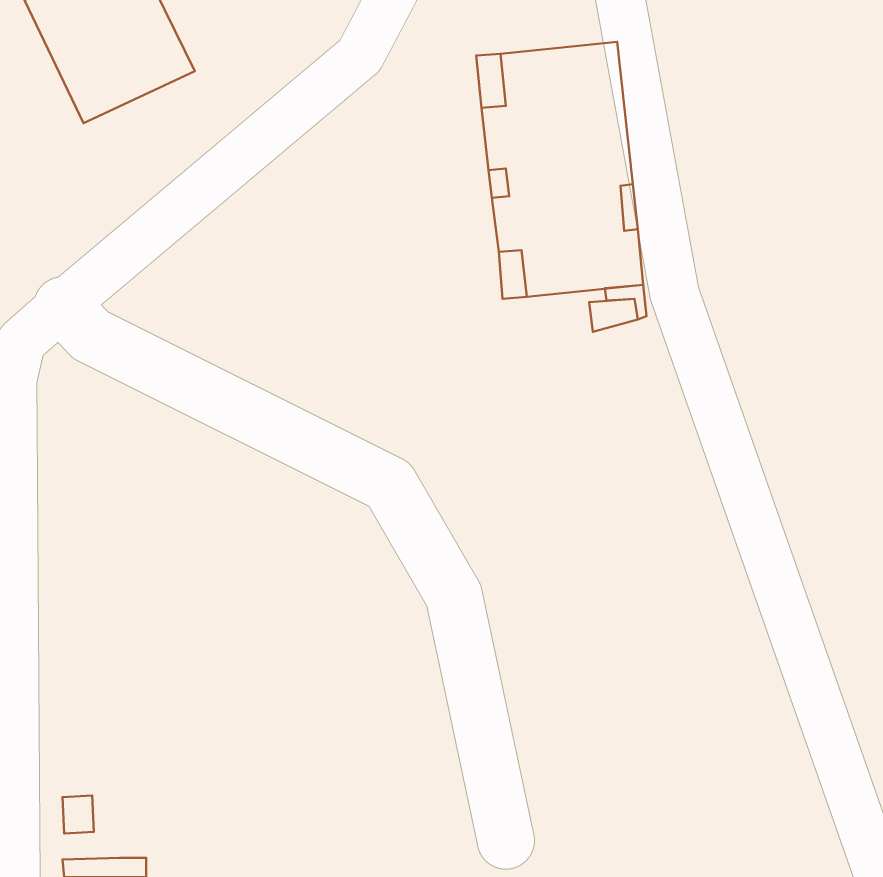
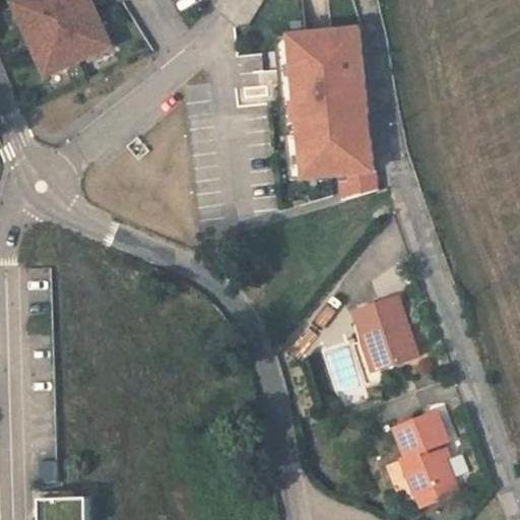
building: none -> [351,301,414,375]
building: none -> [390,420,454,507]

